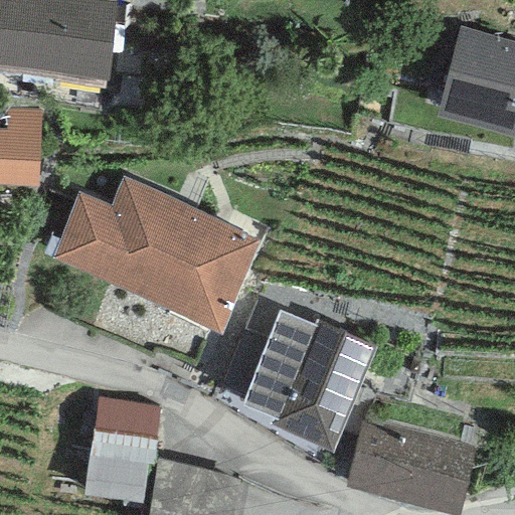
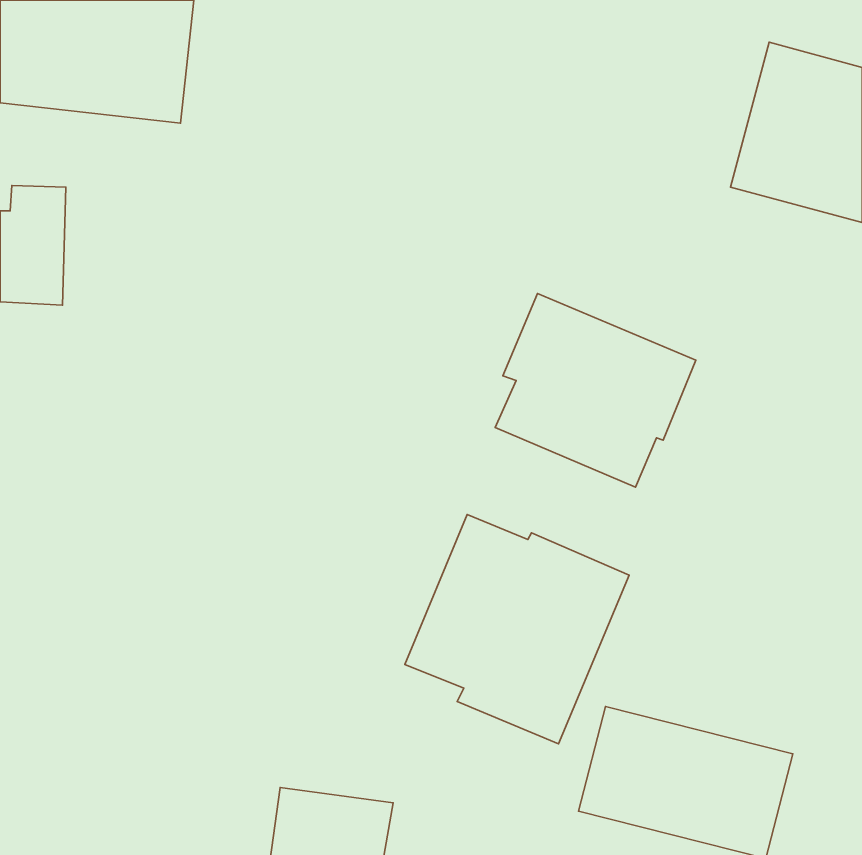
building: none -> [495,294,696,487]
building: [51,180,259,327] -> none
building: [91,394,166,502] -> none

